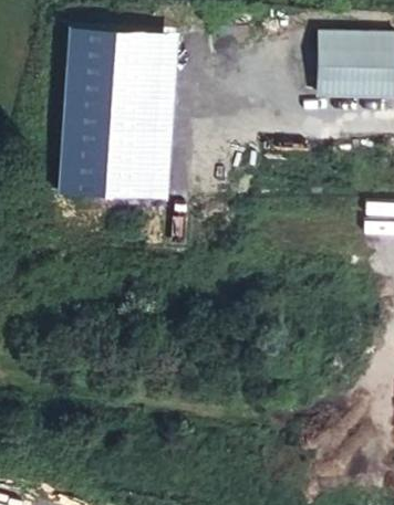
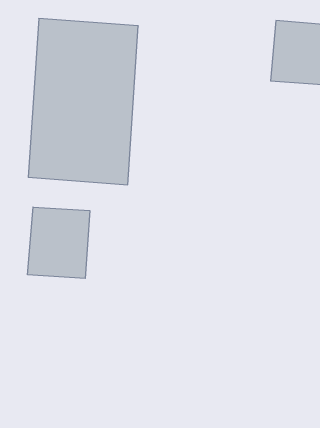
building: none -> [28,207,90,278]

